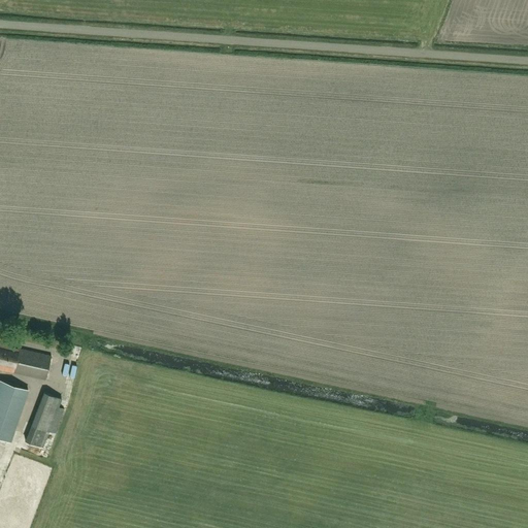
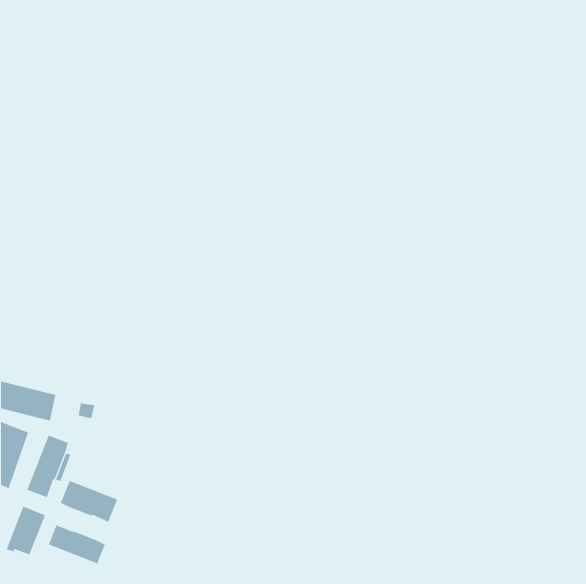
building: none -> [60,480,118,522]
building: none -> [48,525,105,564]

